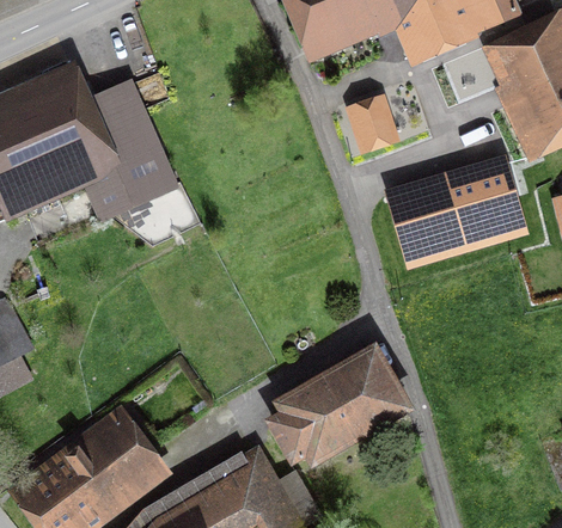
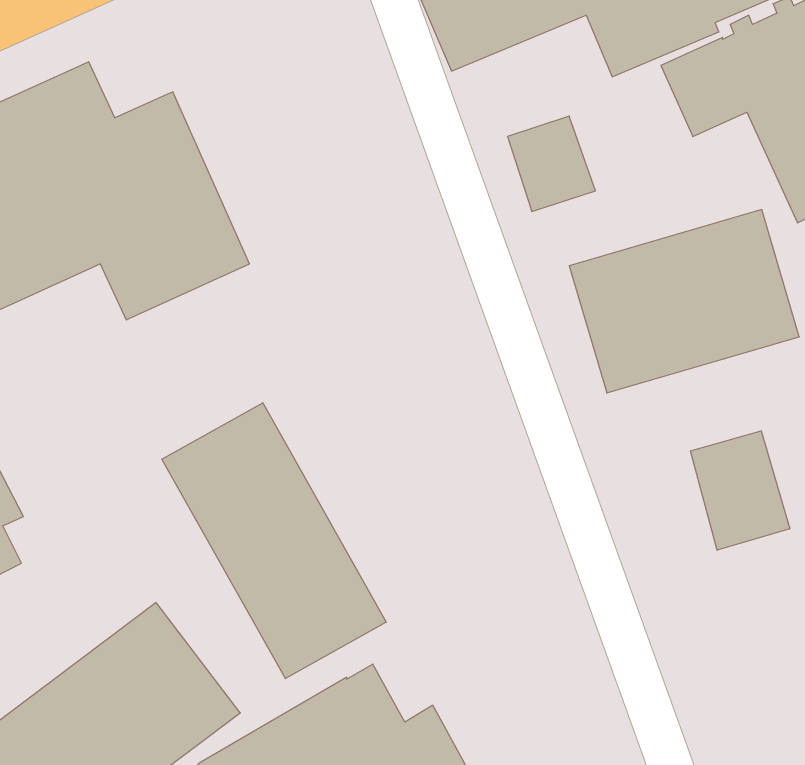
building: none -> [162,403,386,679]
building: none -> [690,431,790,550]
building: [264,343,416,472] -> none

